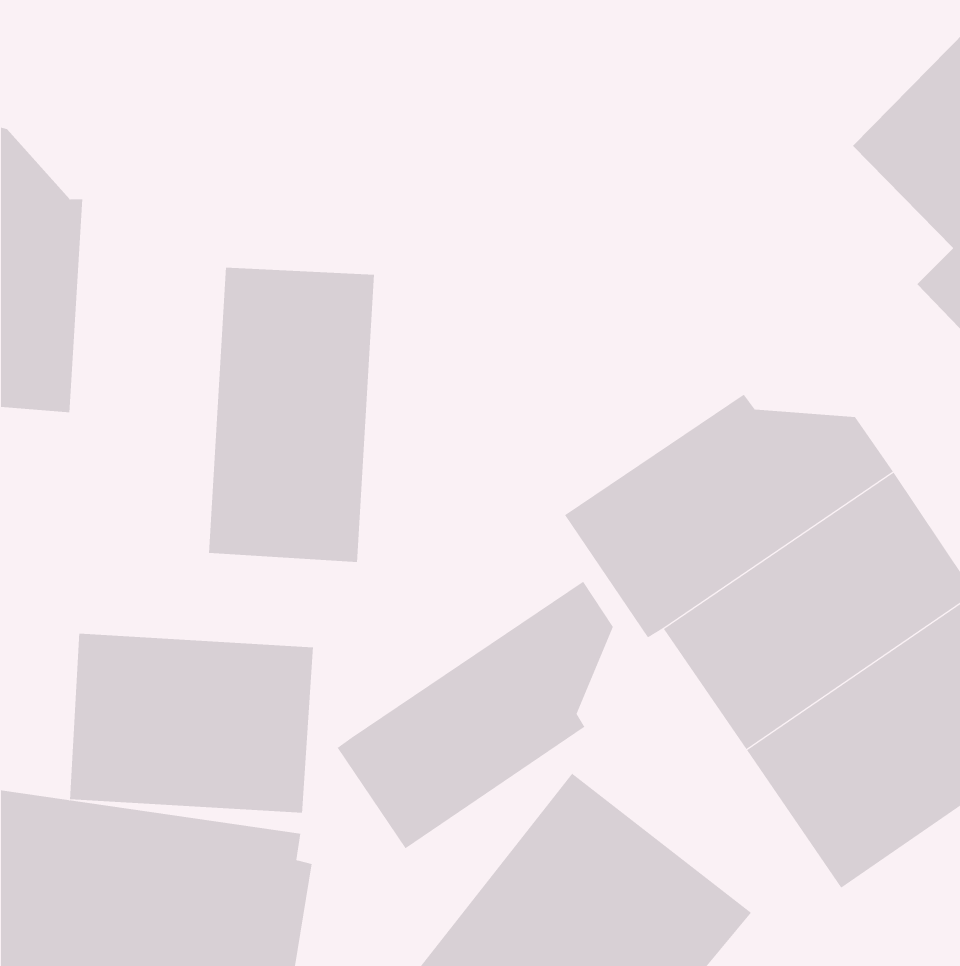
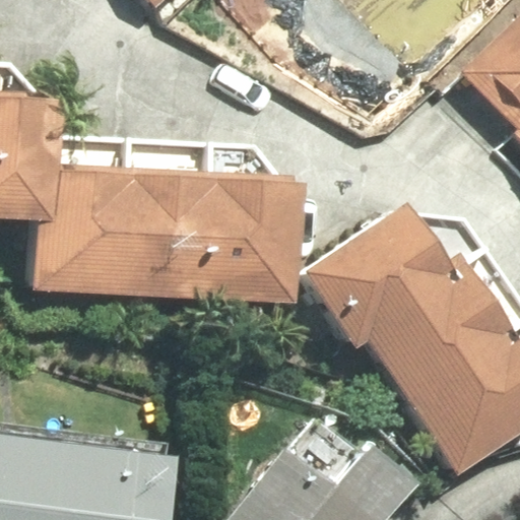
building: none -> [38,140,125,298]
building: none -> [196,148,297,309]
building: [337,581,614,849] -> none
building: [69,633,313,814] -> none

